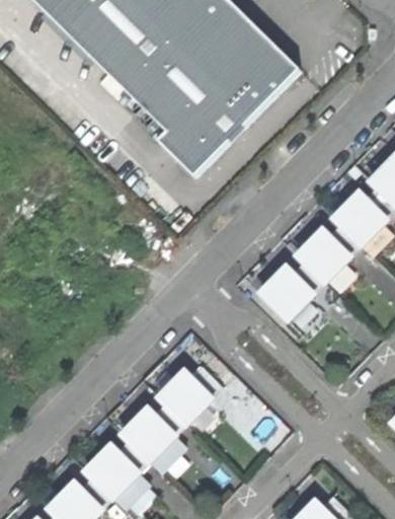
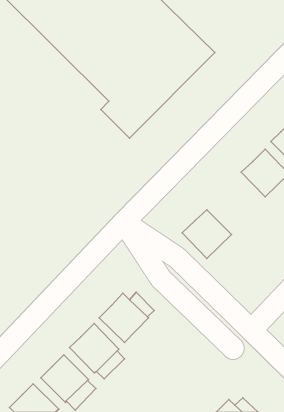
building: [295,228,352,286] -> none

